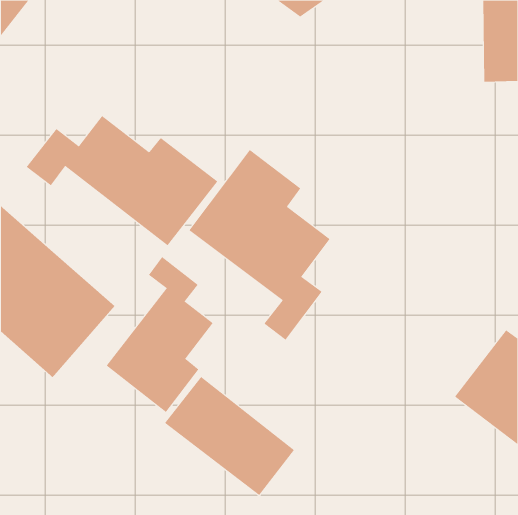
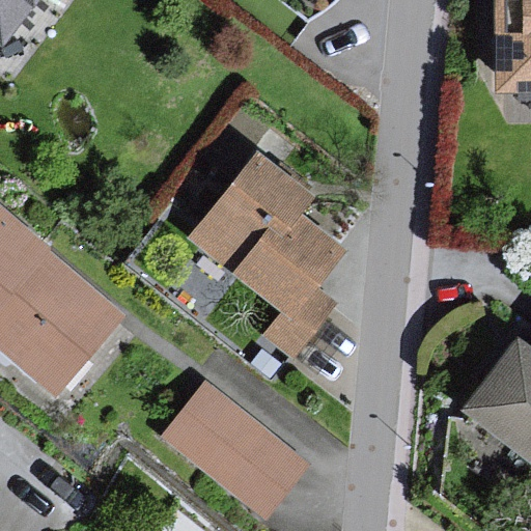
building: [26,115,218,246] -> none
building: [106,256,213,413] -> none

